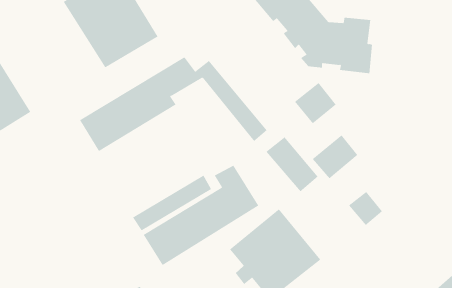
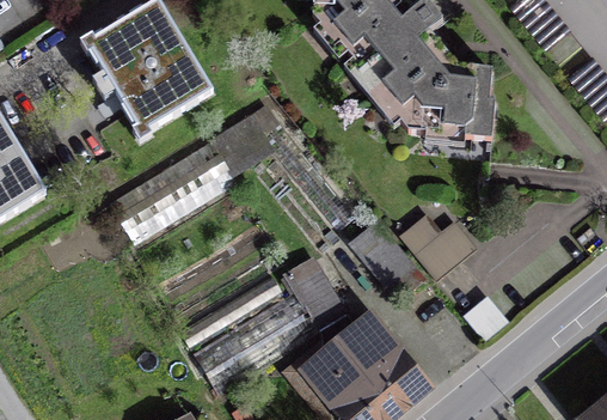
building: [294,82,336,124] -> none

